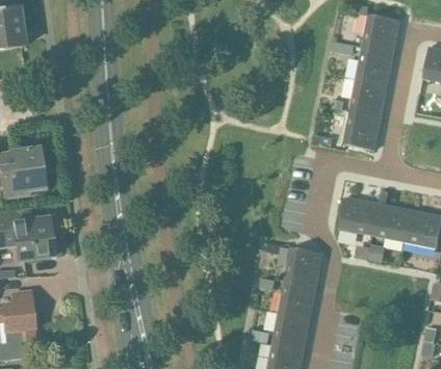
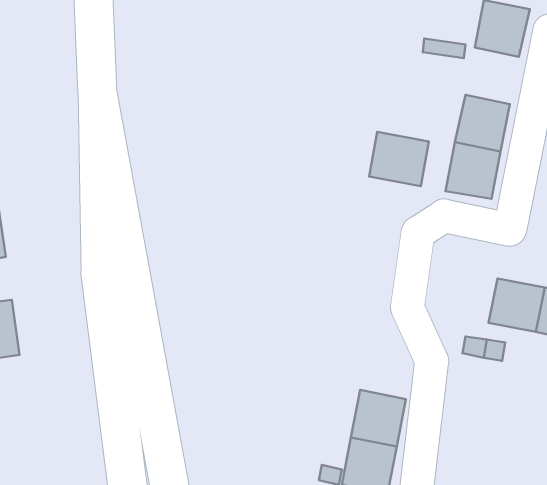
building: [357,46,393,84] -> none
building: none -> [369,132,429,186]
building: [339,196,379,233] -> none
building: [285,246,322,285] -> none

